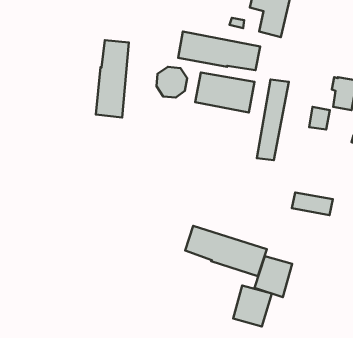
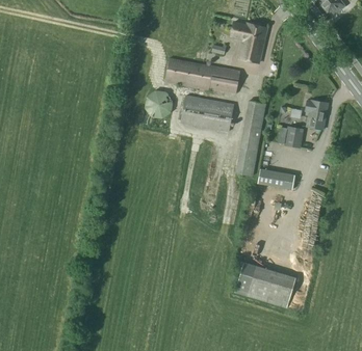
building: [96,40,129,117] -> none
building: [292,192,333,215] -> [258,167,295,188]
building: [185,226,267,276] -> none
building: [233,286,272,327] -> [261,269,296,306]

